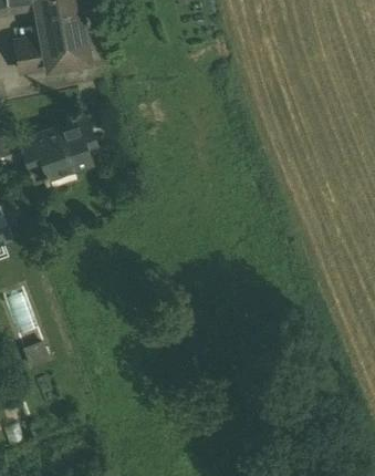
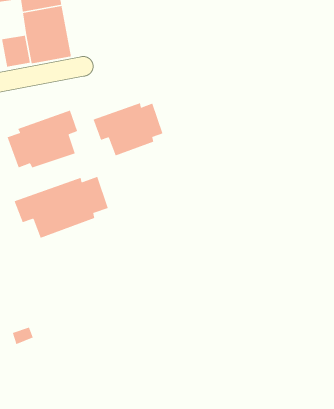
building: none -> [93,102,163,157]
building: none -> [14,176,109,239]

